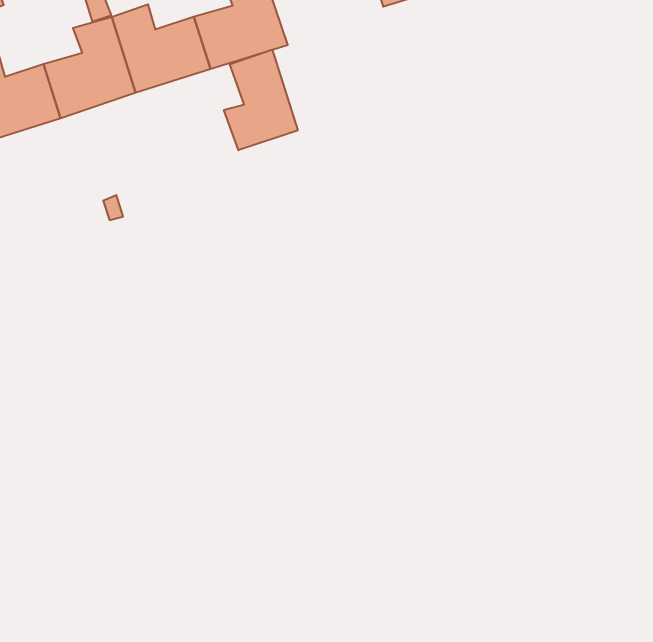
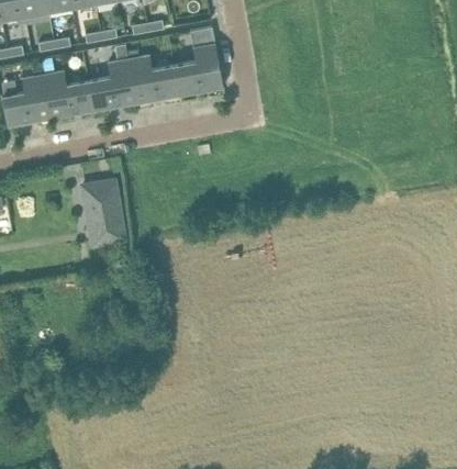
building: [224,50,298,150] -> none
building: none -> [81,181,124,246]

